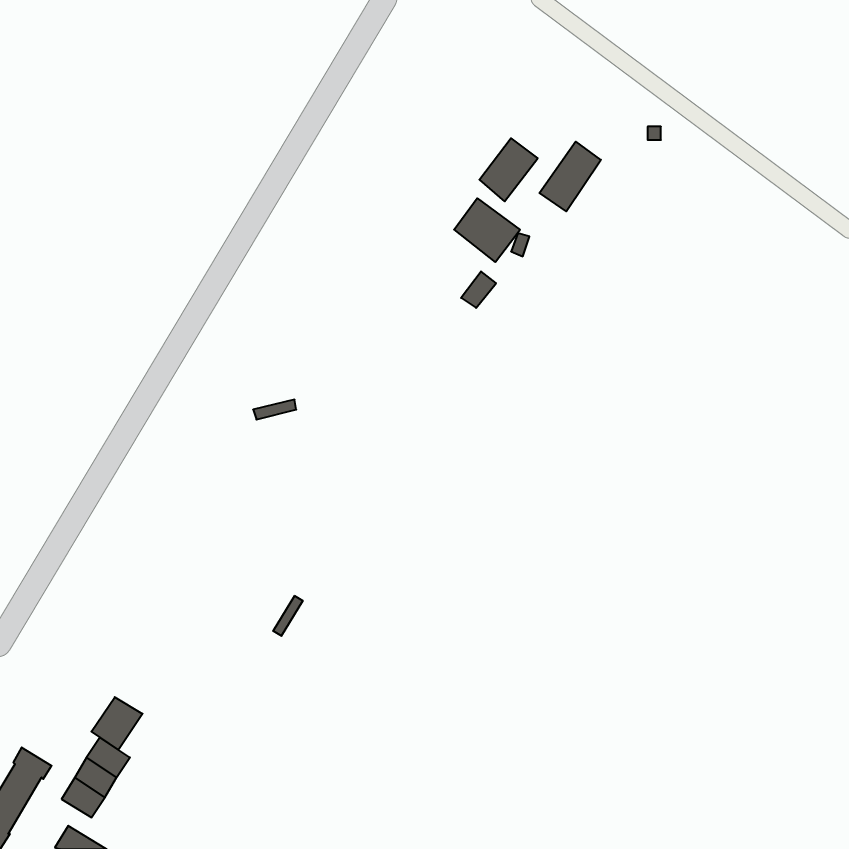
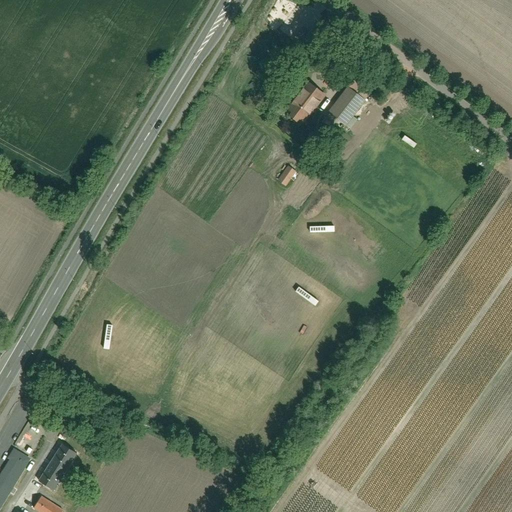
building: [454,198,520,262] -> none
building: [91,697,143,750] -> none

